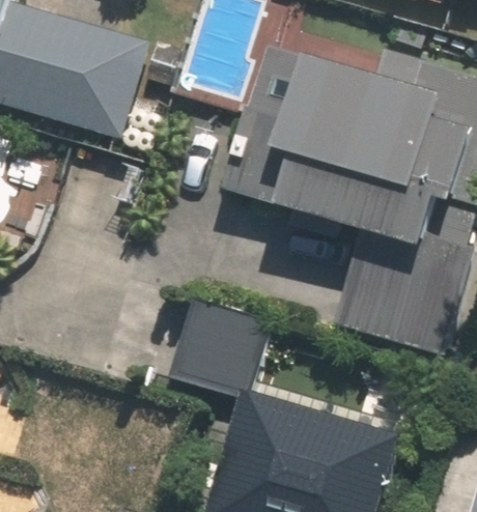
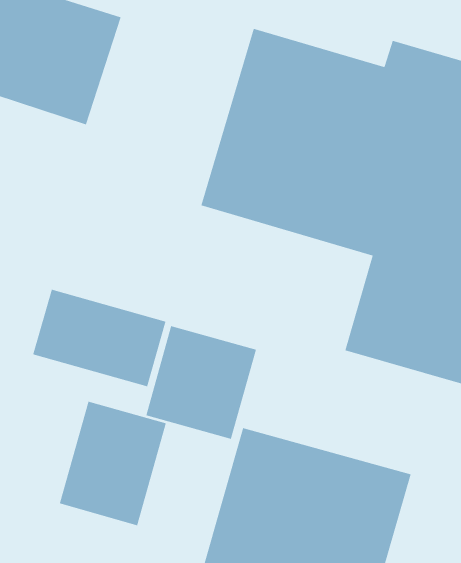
building: none -> [33,289,166,387]
building: none -> [59,401,166,526]

